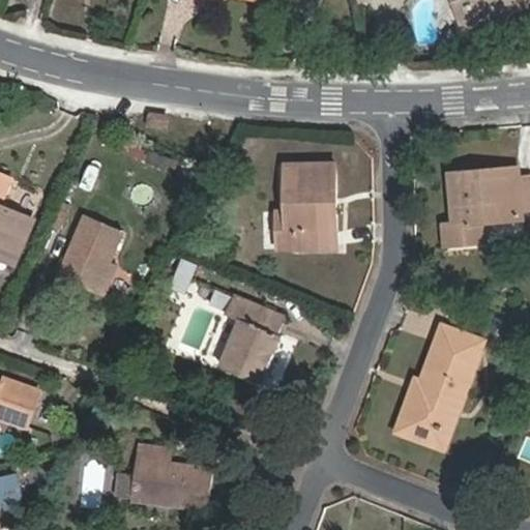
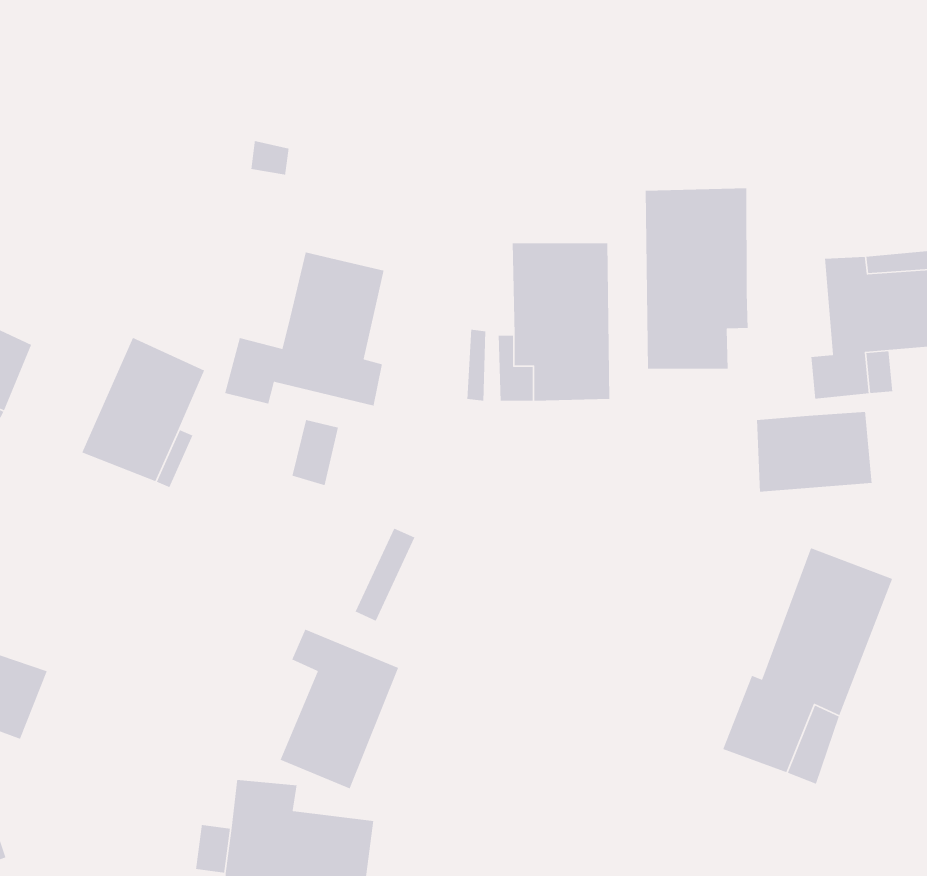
building: none -> [645,188,748,369]
building: none -> [224,252,385,406]
building: none -> [756,411,872,492]
building: [220,295,284,380] -> [279,628,399,790]

